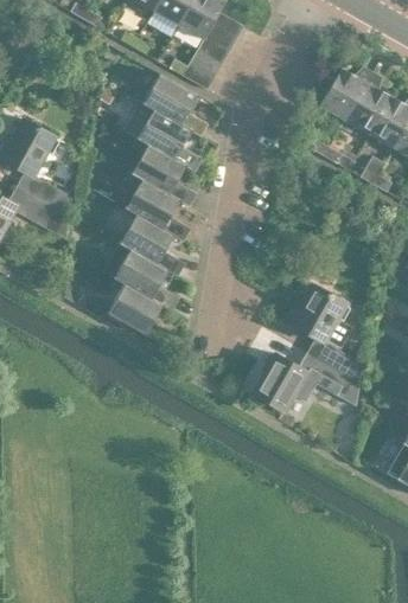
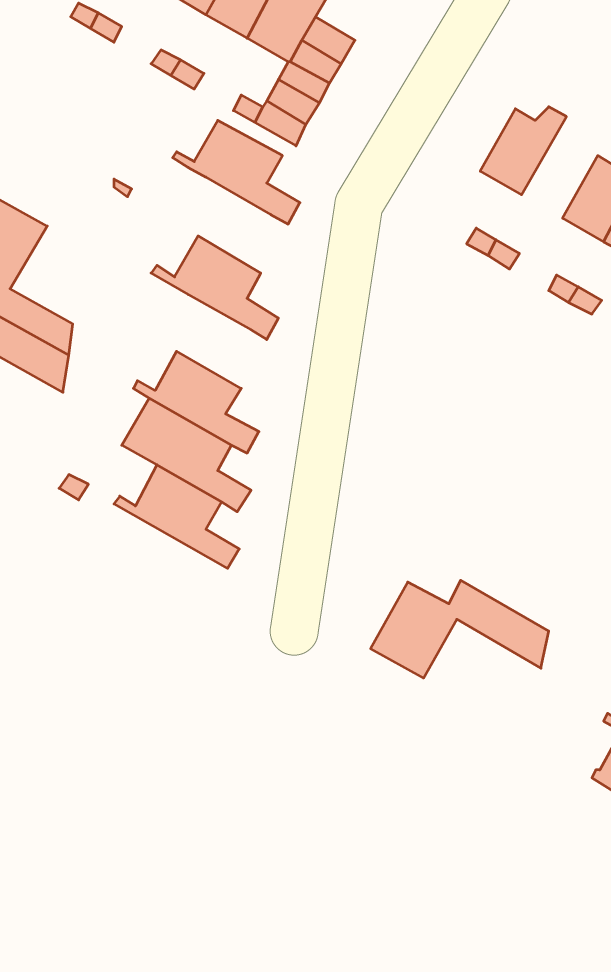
building: [343,72,389,134] -> none
building: [125,103,203,173] -> none
building: [114,180,190,242] -> none
building: [291,286,363,384] -> none

